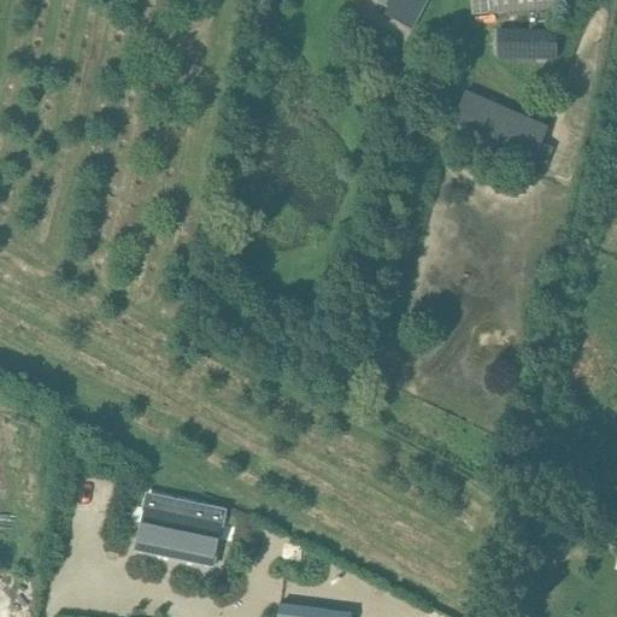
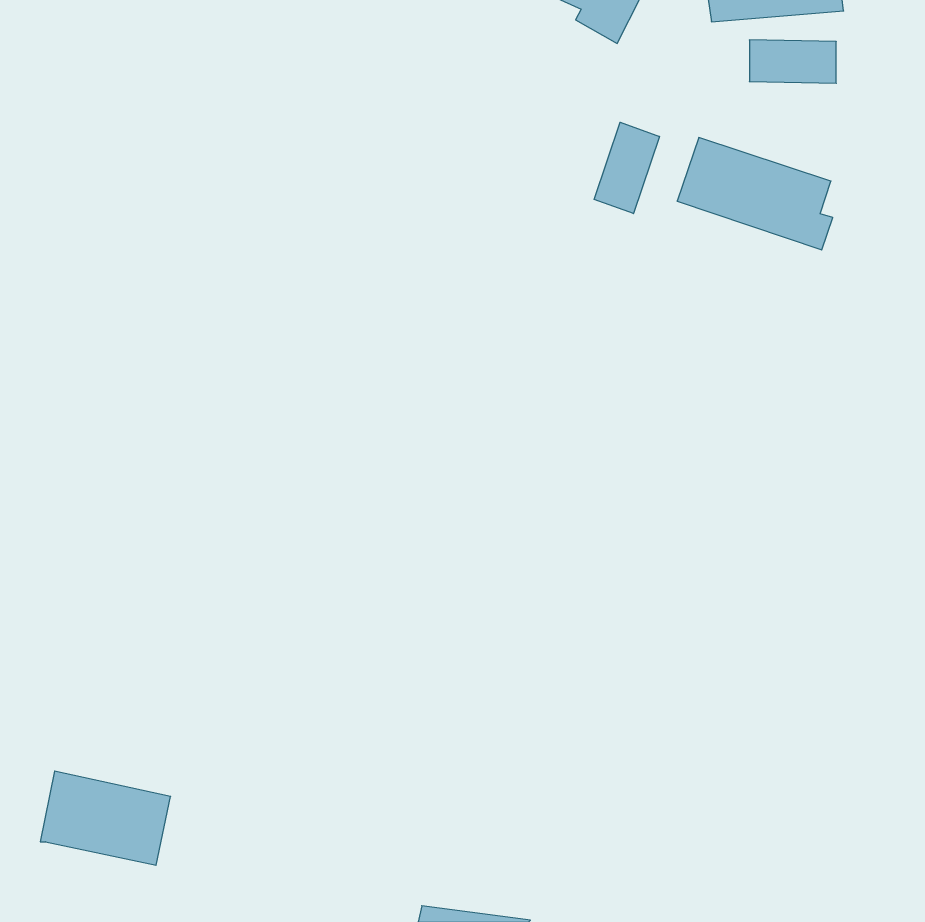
building: none -> [594,122,659,214]
building: [136,500,223,563] -> [40,771,171,865]

